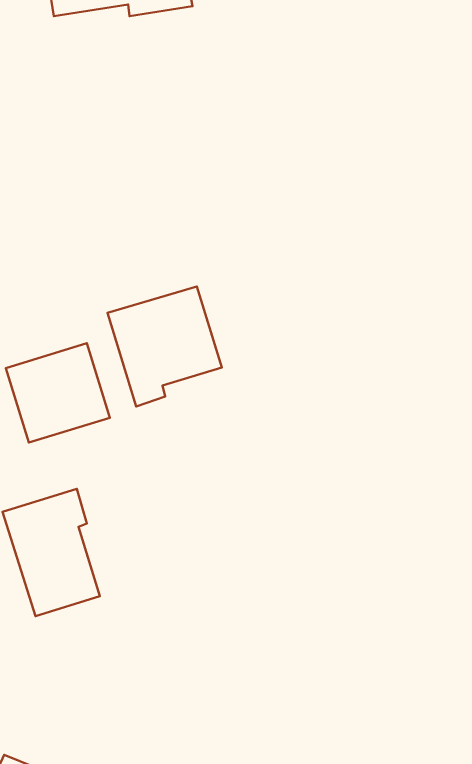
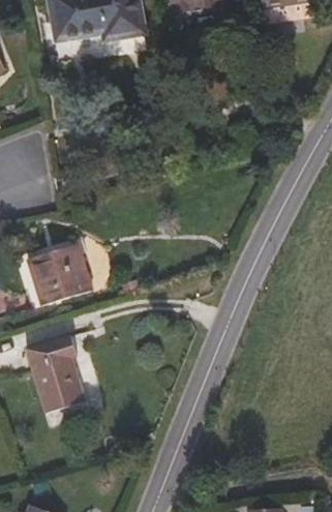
building: [108,286,222,406] -> none

